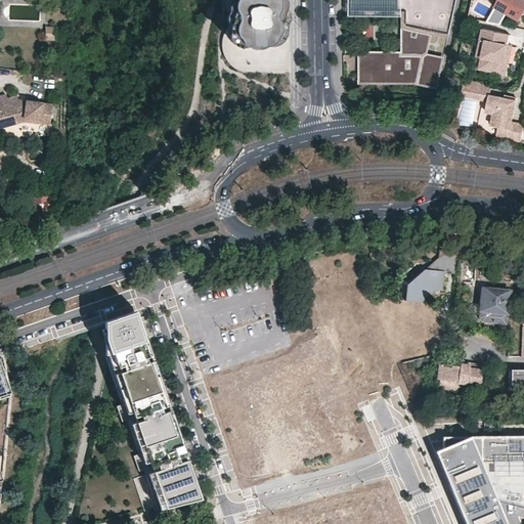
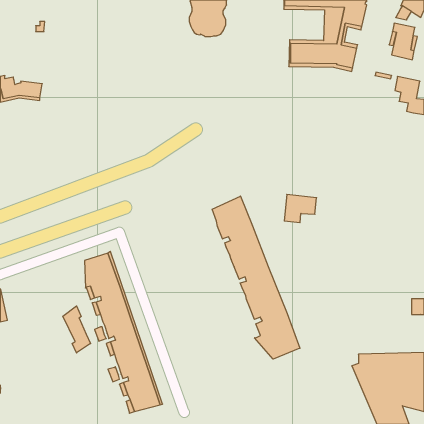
building: none -> [212,196,300,359]
building: [404,267,444,302] -> [284,194,317,223]
building: [477,286,511,323] -> none
building: [437,361,482,388] -> none
building: none -> [63,306,91,353]

